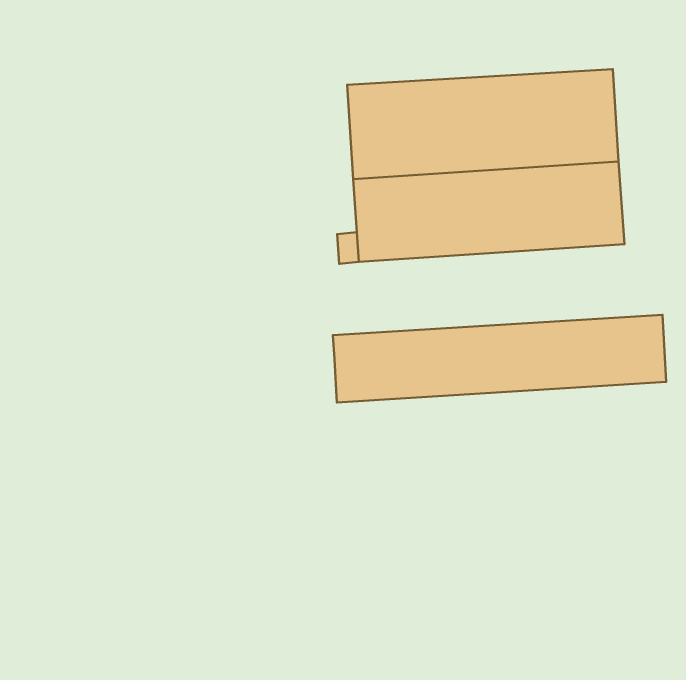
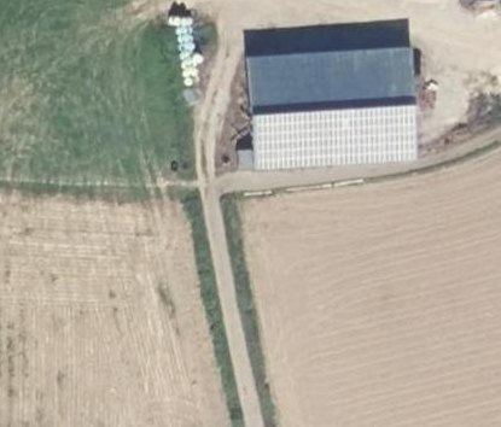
building: [333,315,666,403] -> none

